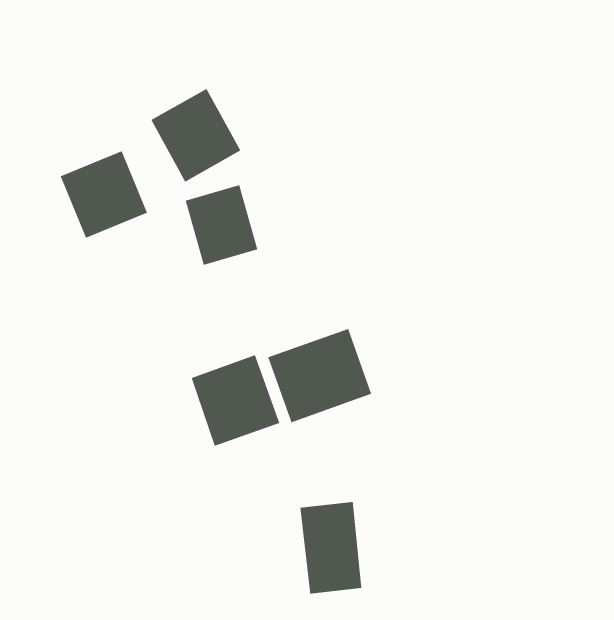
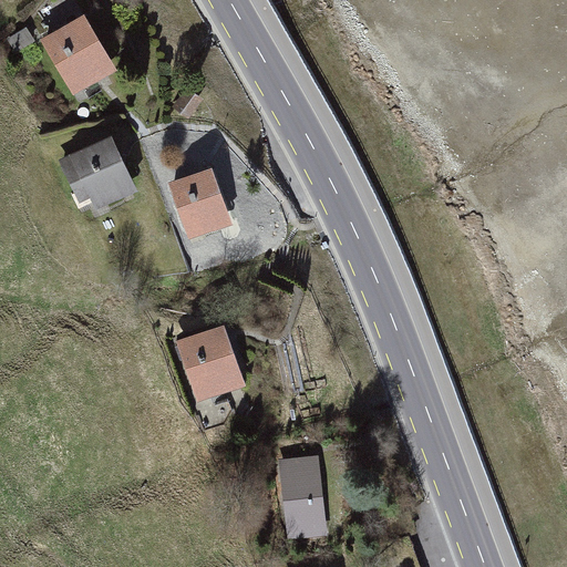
building: [151,88,241,182] -> [38,10,120,95]
building: [268,328,372,423] -> none

